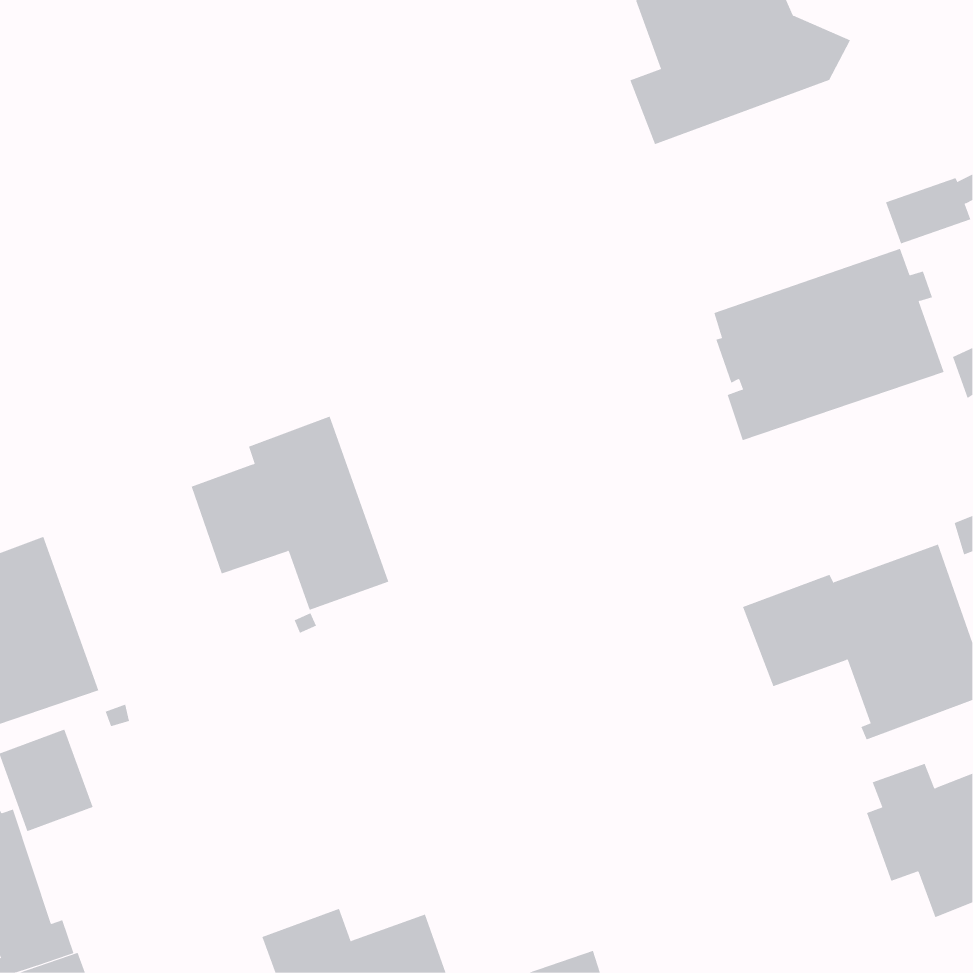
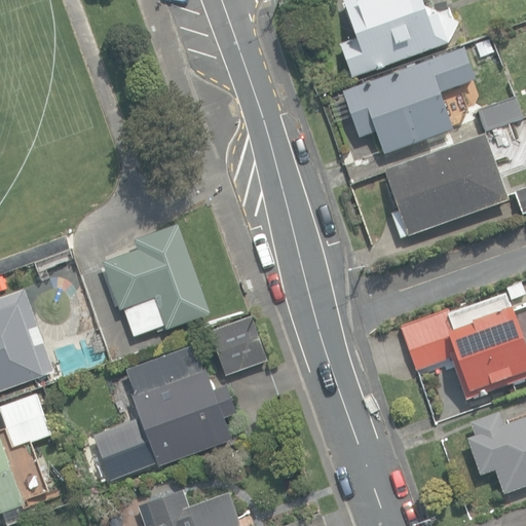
building: none -> [341,46,476,154]
building: none -> [209,313,266,374]
building: none -> [105,344,236,466]

